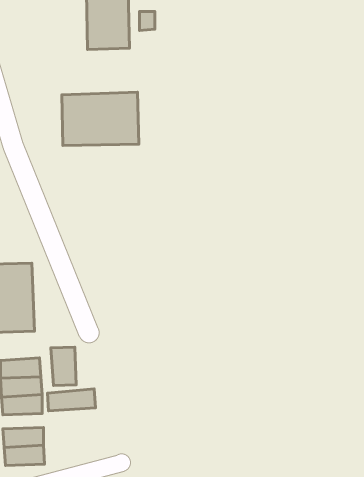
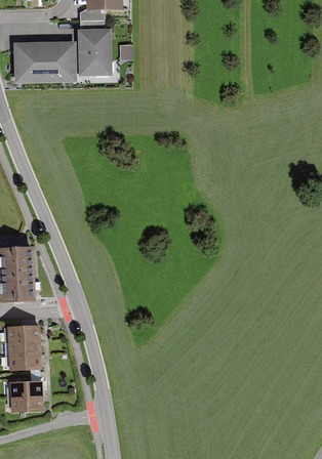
building: [62,92,139,145] -> [12,40,75,83]
building: [51,347,76,385] -> none
building: [48,389,95,411] -> none

